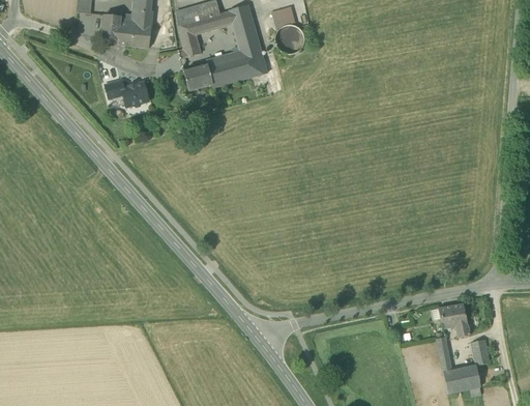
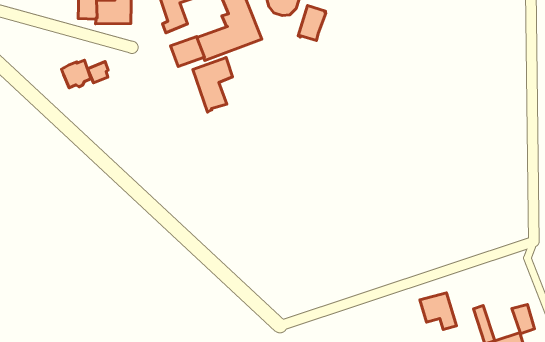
building: none -> [298,6,326,40]
building: [122,82,148,106] -> [62,60,91,88]
building: none -> [193,58,233,112]
building: [439,302,470,336] -> [420,293,457,329]

